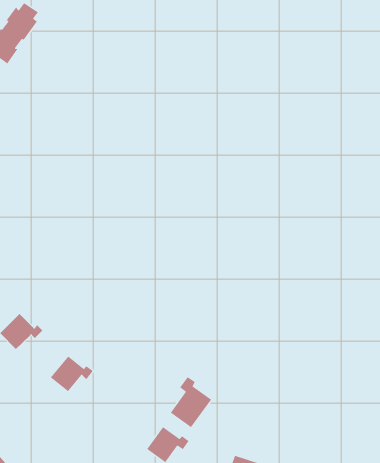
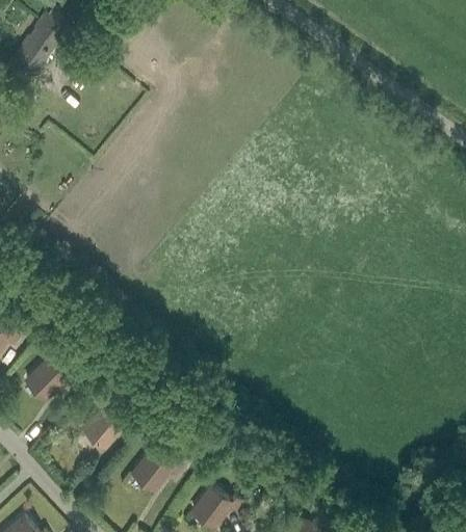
building: [170,376,212,428] -> none
building: none -> [129,451,179,493]

